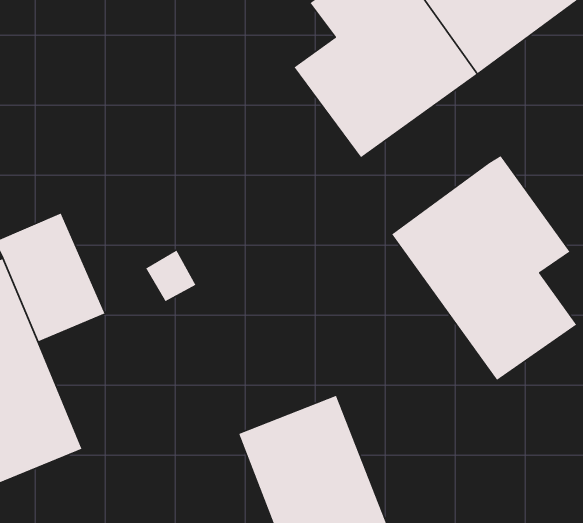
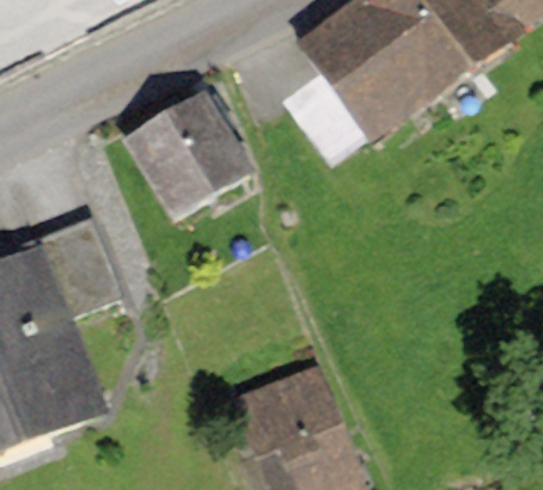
building: none -> [123,88,257,223]
building: [391,155,577,381] -> none

